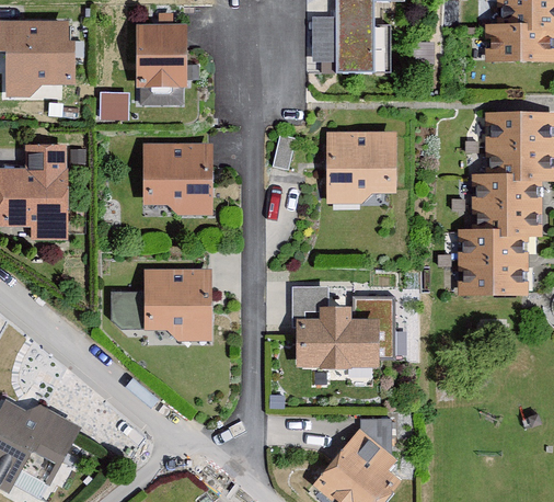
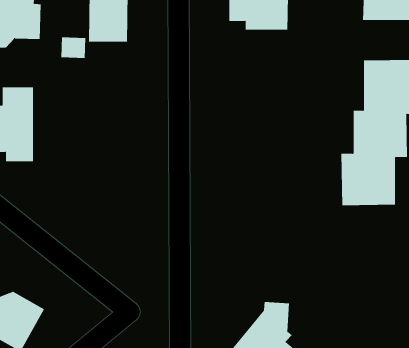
building: [326,132,397,204] -> none
building: [143,142,212,213] -> none
building: [112,269,210,336] -> none
building: [291,285,379,367] -> none

